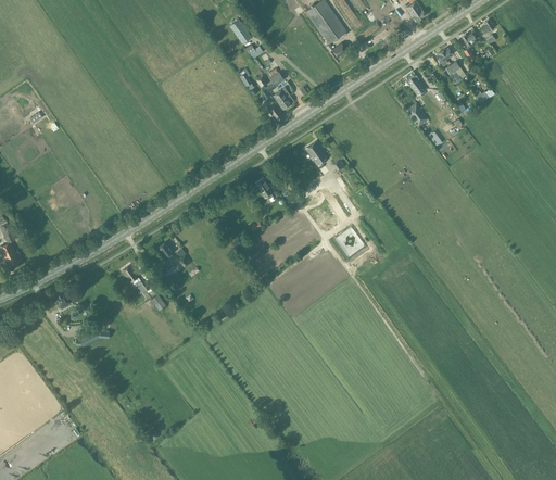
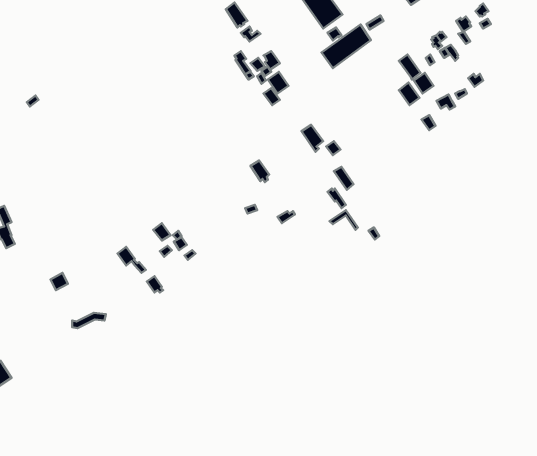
building: none -> [321,25,371,68]

